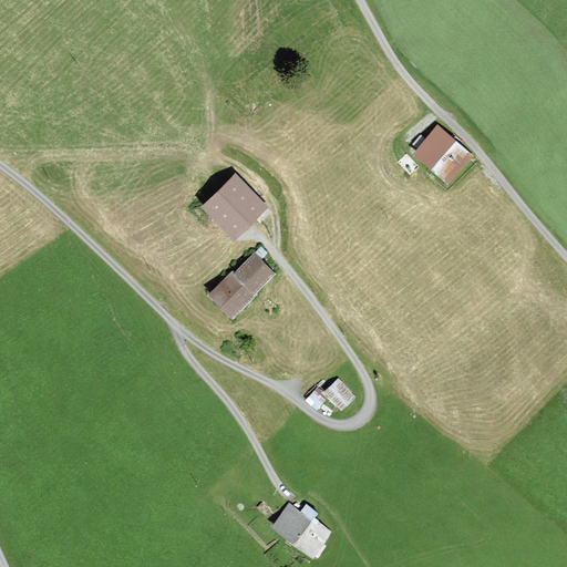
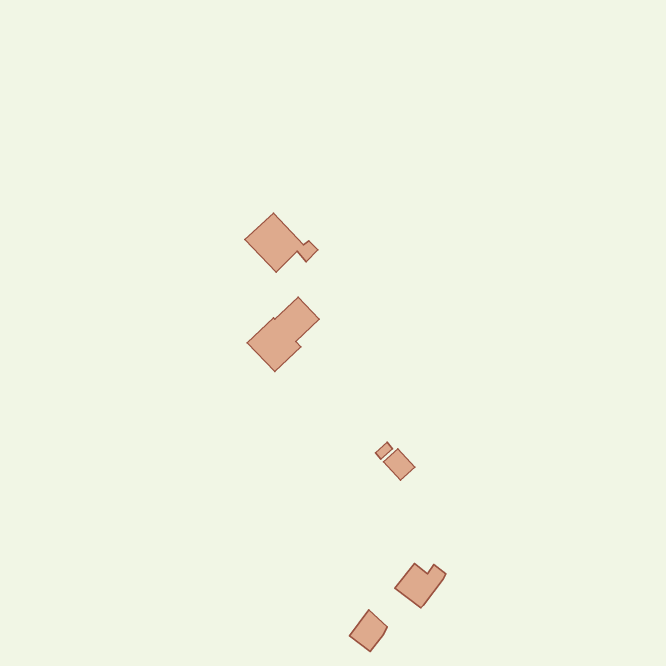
building: [412,127,470,179] -> none
building: [271,505,315,543] -> [395,563,446,608]

